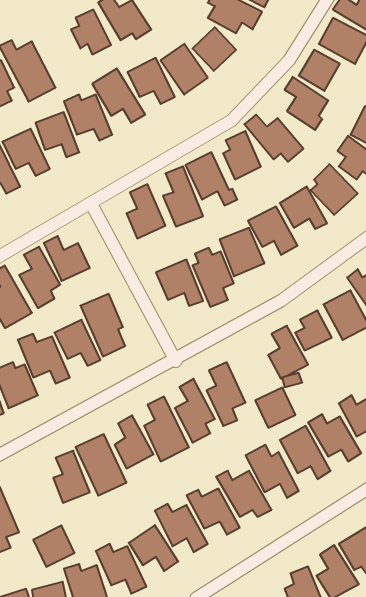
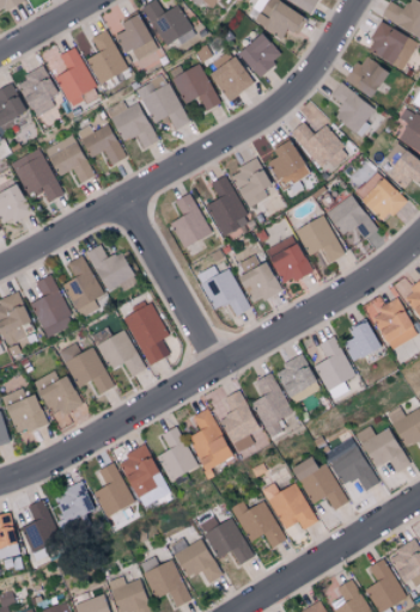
building: none -> [87,31,127,82]
building: [255,388,295,428] -> [275,356,316,397]
building: [33,526,75,567] -> [54,482,96,524]

